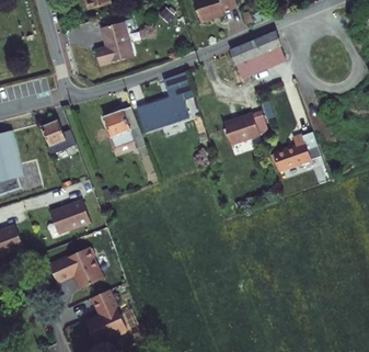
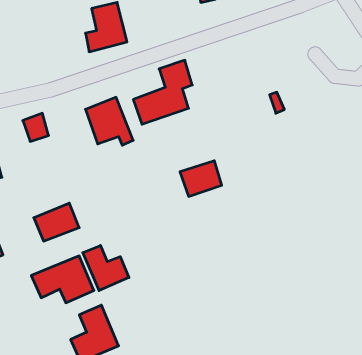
building: [233,30,289,78] -> none
building: [222,112,260,144] -> [180,161,222,196]
building: [275,132,322,171] -> none
building: none -> [83,245,129,291]

